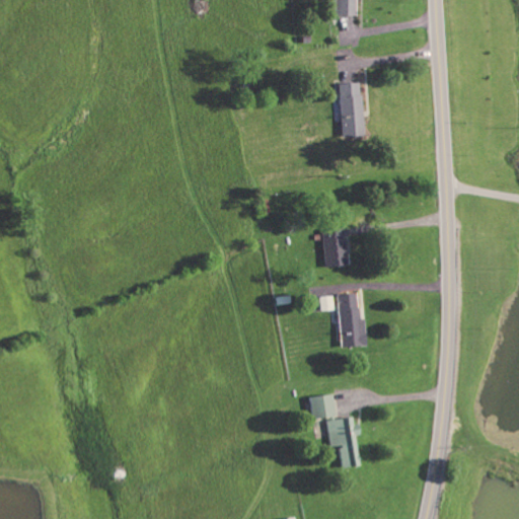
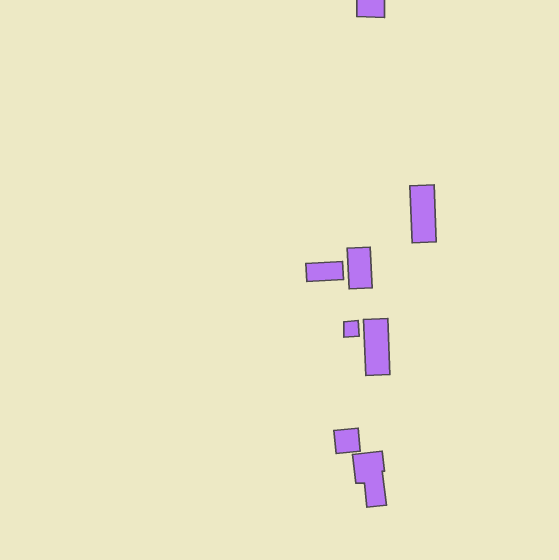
building: [339,82,363,136] -> [410,185,436,243]
building: none -> [306,262,344,282]

